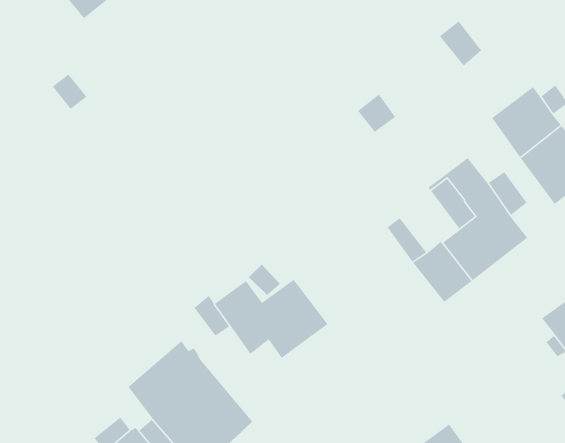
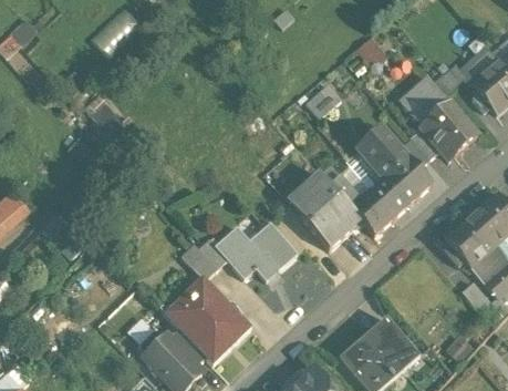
building: none -> [288,174,361,248]
building: none -> [182,244,218,279]

